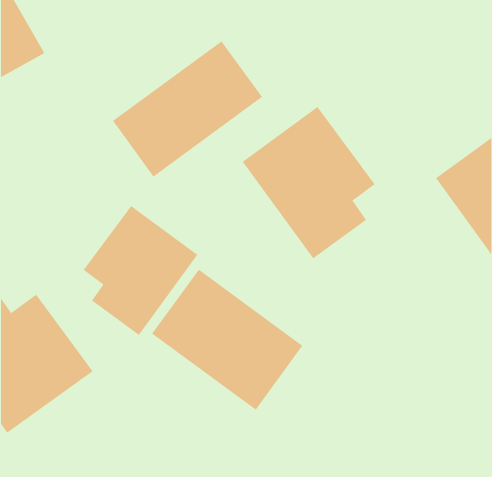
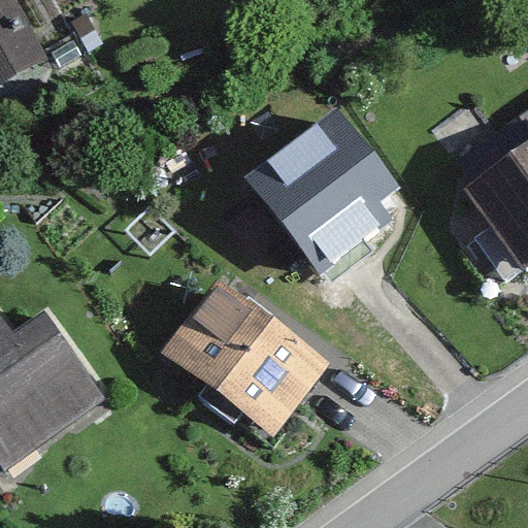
building: [112,40,263,177] -> none
building: [83,205,198,336] -> none

